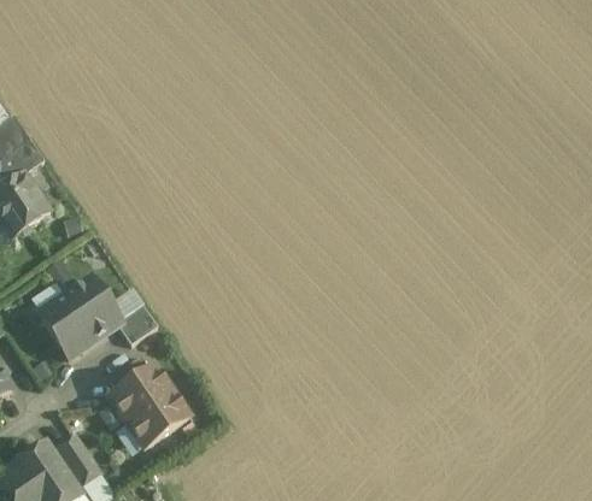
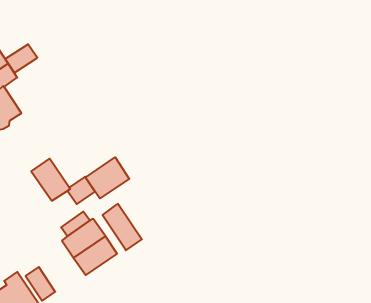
building: none -> [5,44,37,73]
building: none -> [85,157,129,198]
building: [37,296,94,358] -> none
building: none -> [103,204,142,250]

